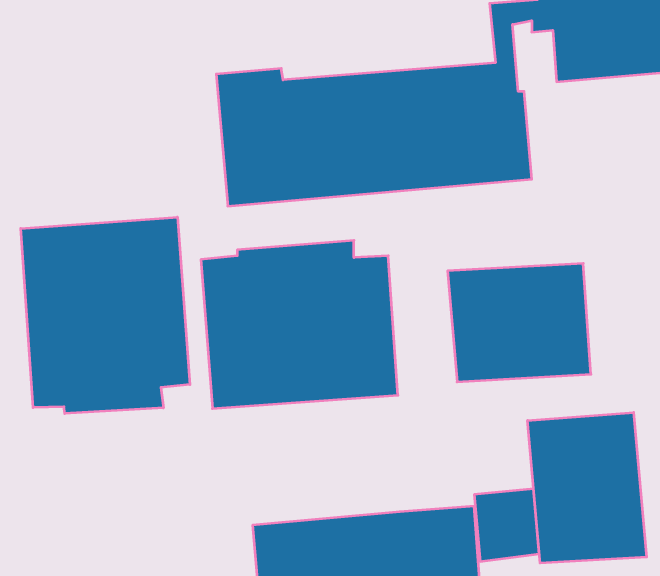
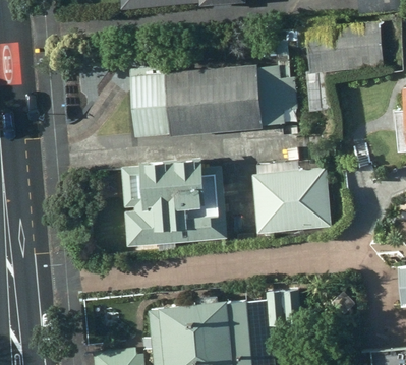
building: [21,217,190,414] -> none
building: [528,412,647,563] -> none

